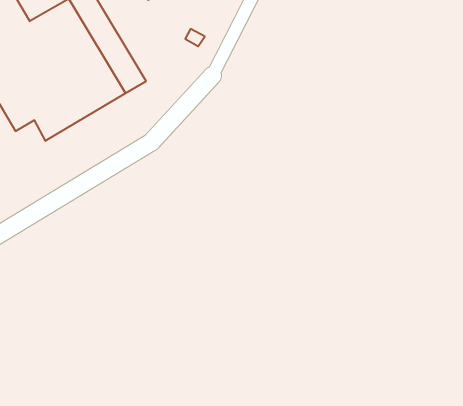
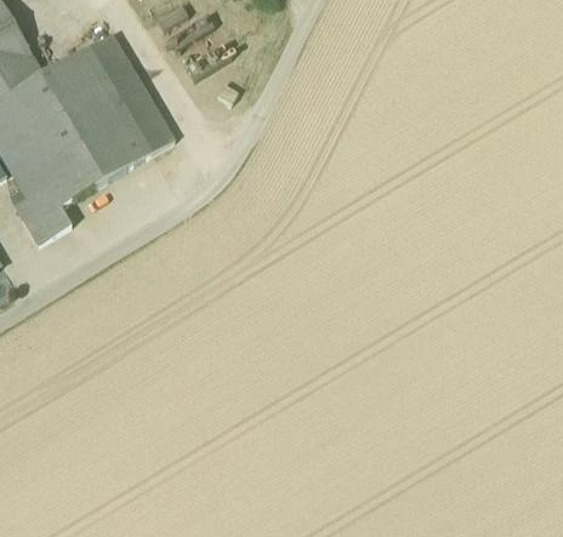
building: none -> [15,182,70,241]

